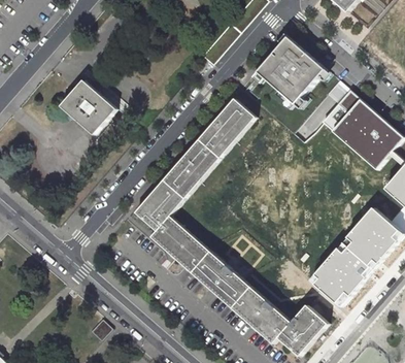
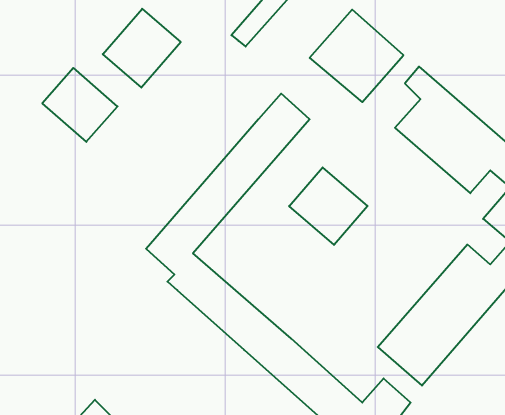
building: none -> [103,9,181,88]
building: none -> [289,167,368,245]

